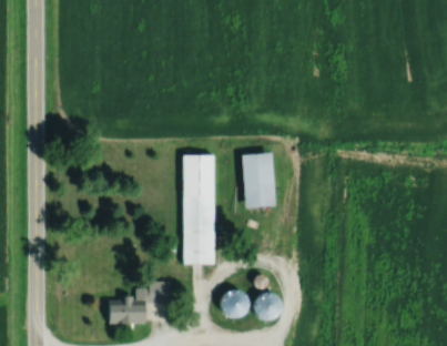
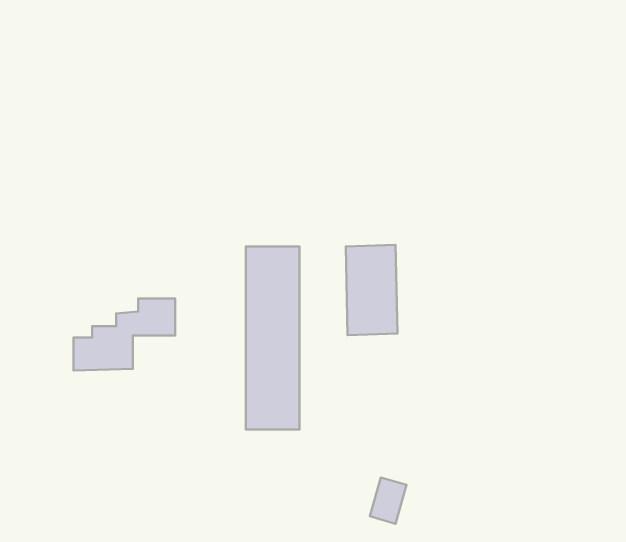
building: [110,281,171,324] -> [74,299,175,371]
building: [225,289,250,322] -> none

